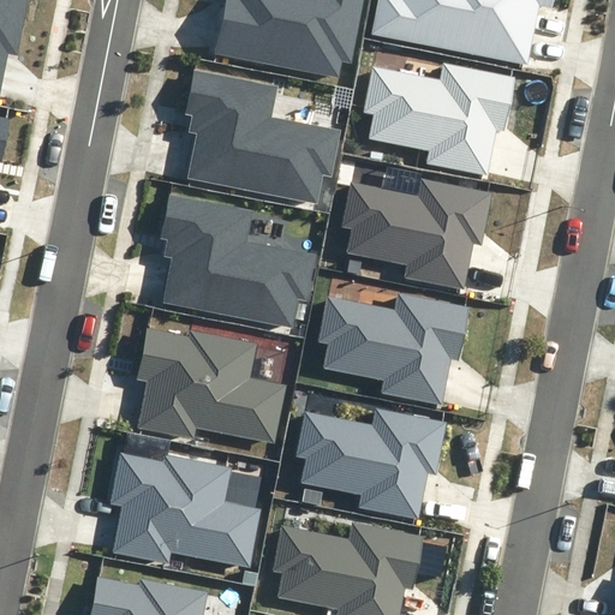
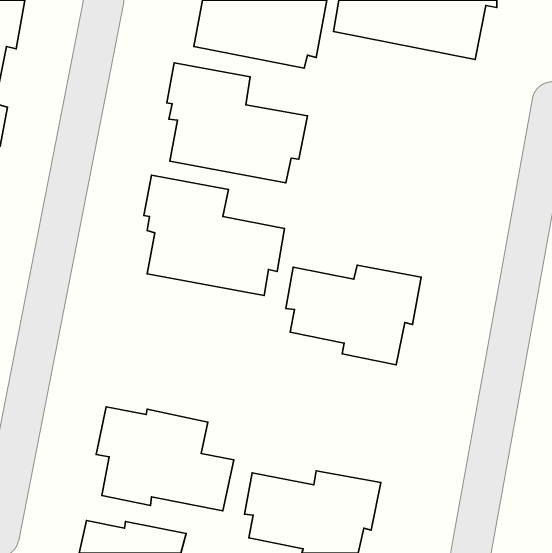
building: [363,64,514,174] -> none
building: [340,180,491,291] -> none
building: [135,328,283,443] -> none
building: [294,410,446,520] -> none

